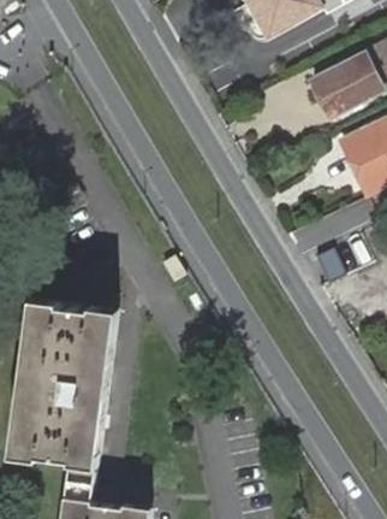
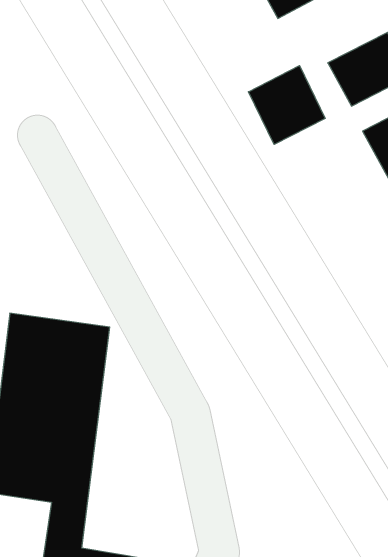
building: none -> [248,66,325,144]

